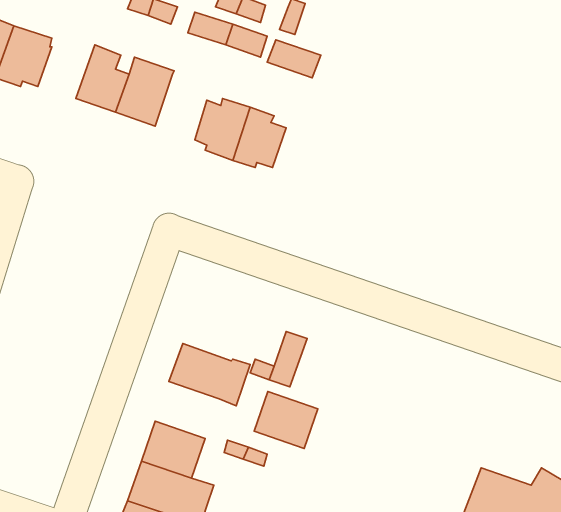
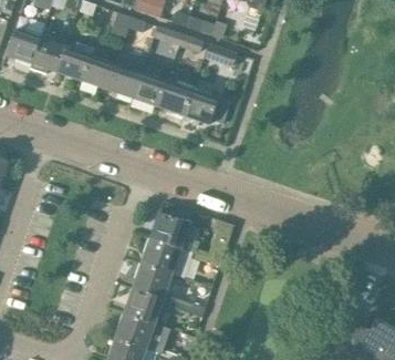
building: none -> [56,42,93,81]
building: none -> [132,65,165,107]
building: none -> [149,210,190,249]
building: [254,392,318,448] -> [132,263,173,299]

